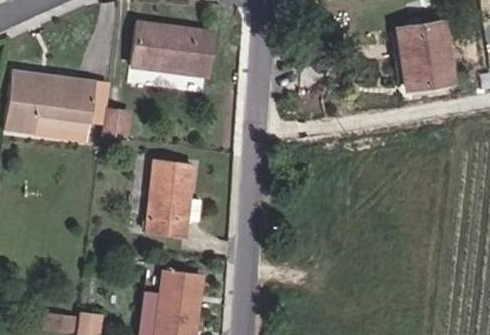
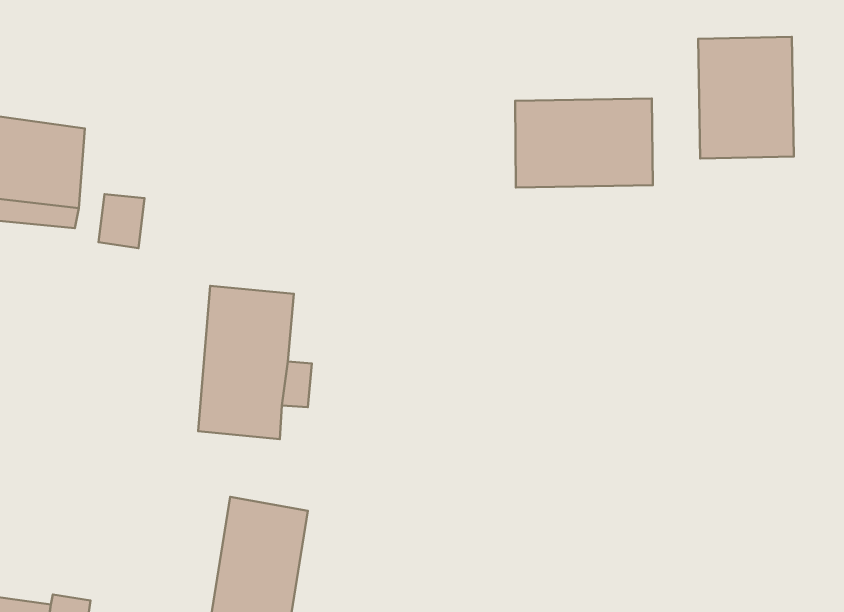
building: [126,24,208,76] -> none
building: none -> [515,98,653,187]

